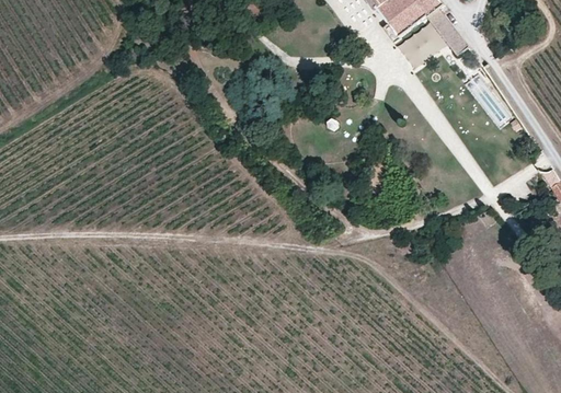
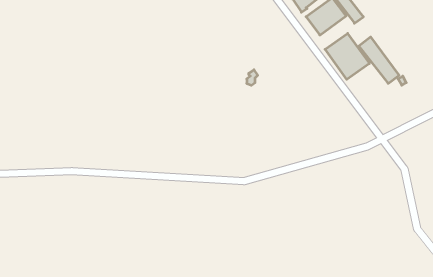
building: none -> [325,33,369,79]

